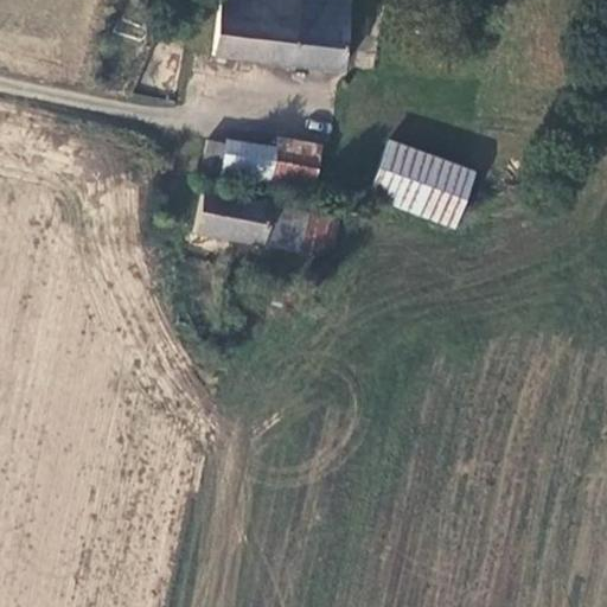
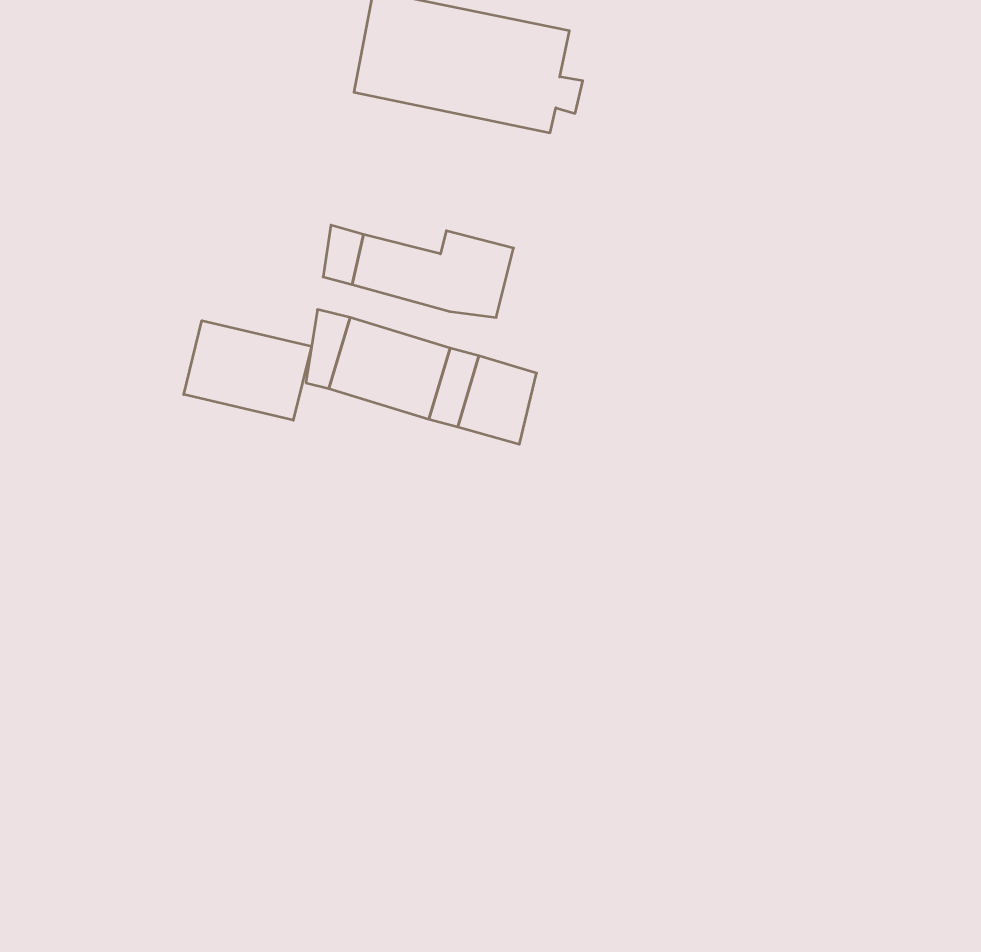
building: [379,138,483,222] -> none
building: none -> [184,321,311,420]

